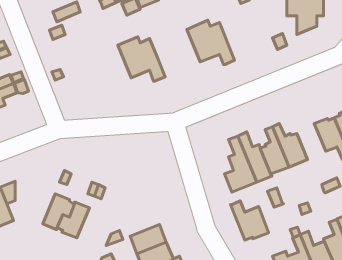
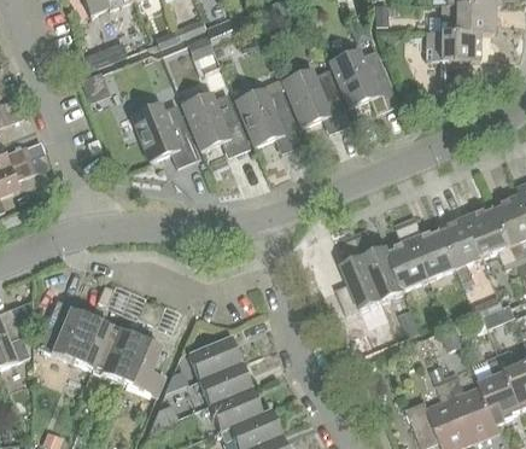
building: none -> [328,47,398,111]
building: none -> [234,86,303,152]
building: none -> [130,101,199,167]
building: none -> [440,216,483,285]
building: none -> [37,299,90,361]
building: [230,201,269,240] -> none
building: none -> [188,336,241,379]
building: none -> [122,338,164,396]

